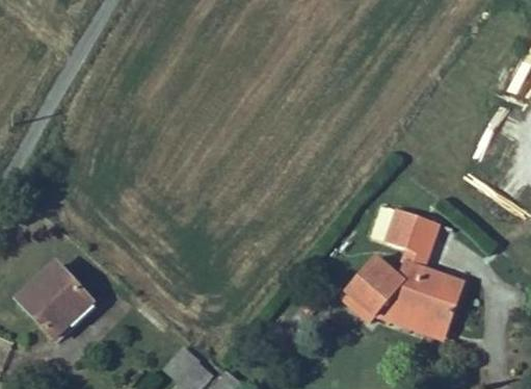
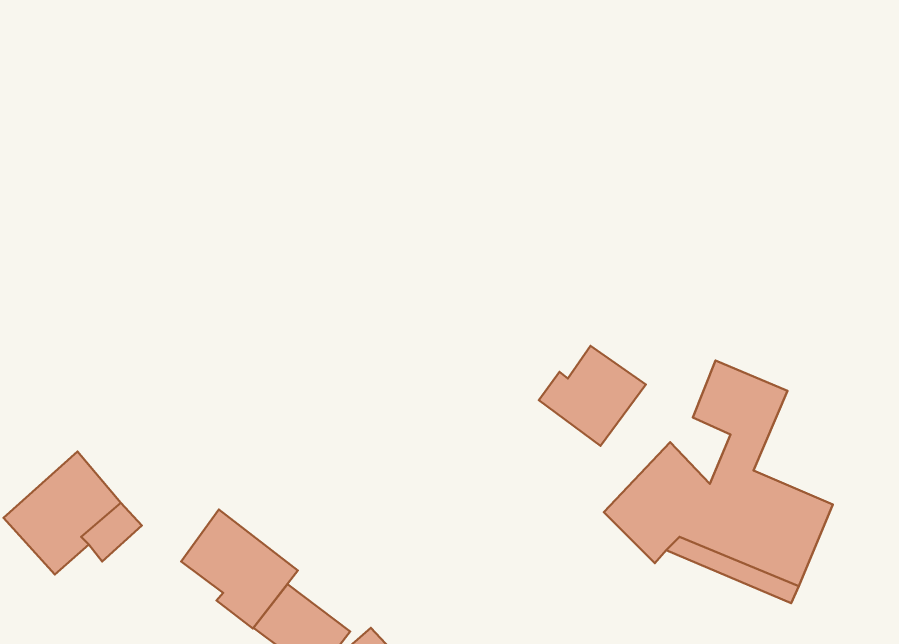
building: none -> [539,346,646,446]
building: none -> [181,510,298,628]

